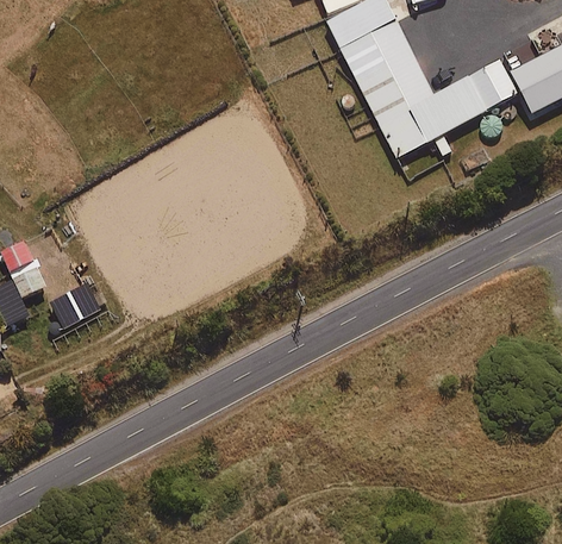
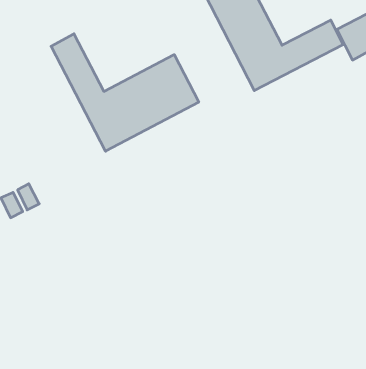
building: none -> [51,34,199,151]

